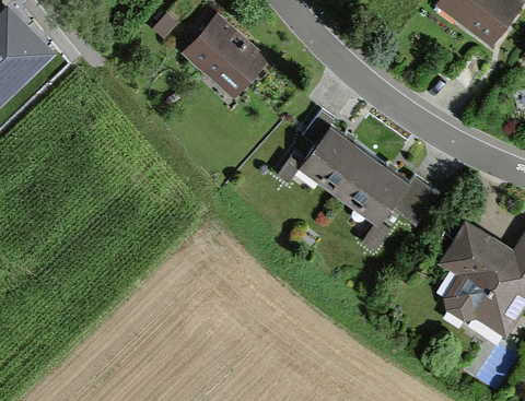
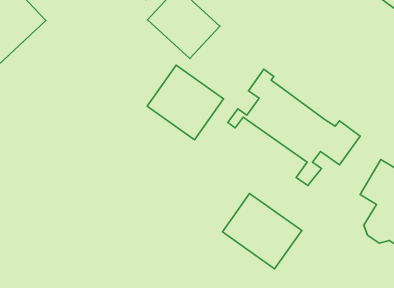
building: none -> [147,65,224,140]
building: none -> [222,194,302,269]

